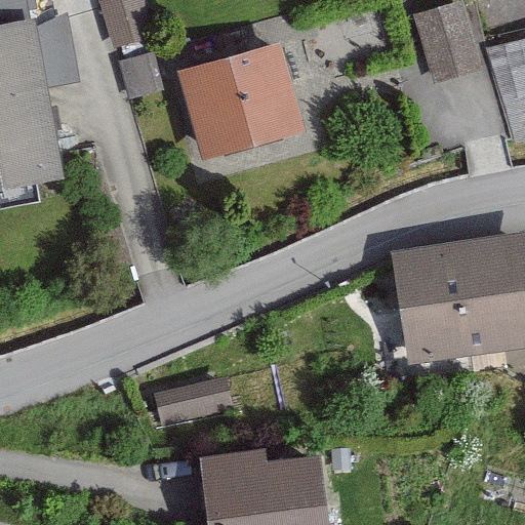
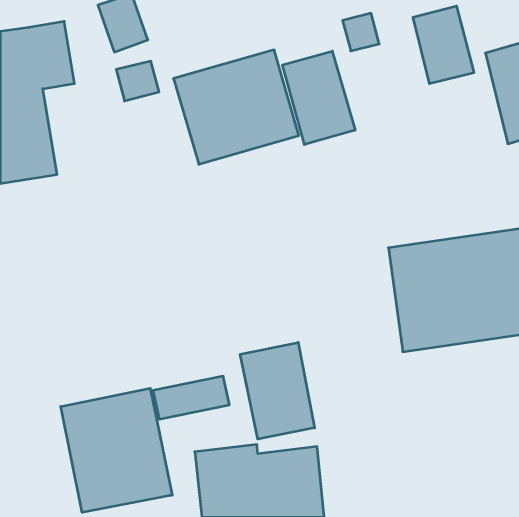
building: none -> [283,51,355,145]
building: none -> [240,342,315,439]
building: none -> [61,388,172,512]

